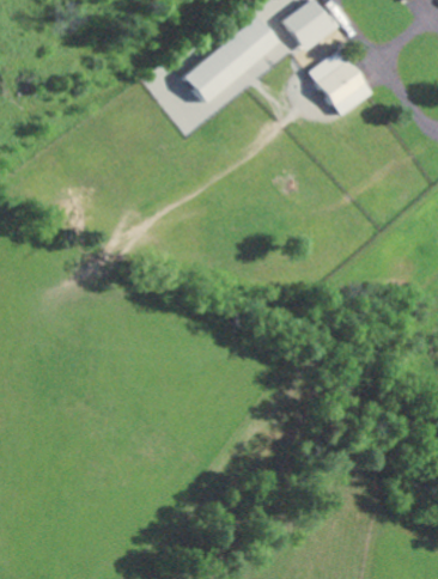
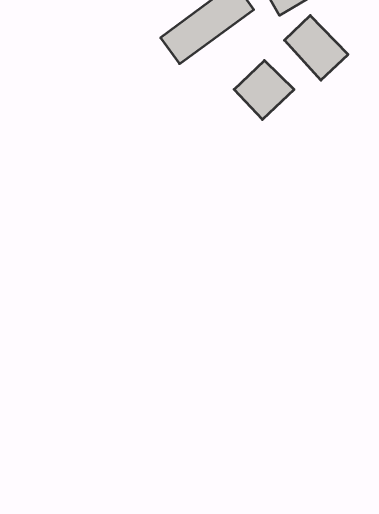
building: none -> [234,60,294,120]

